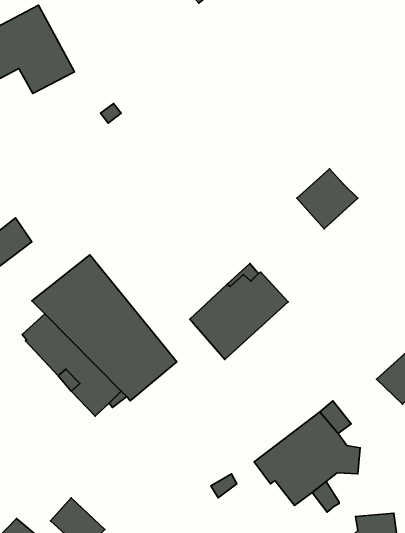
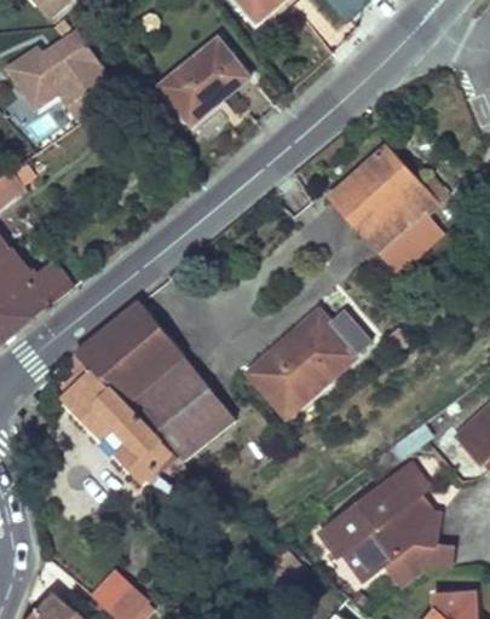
building: none -> [160,39,248,125]
building: none -> [328,146,449,238]
building: none -> [399,543,449,575]

